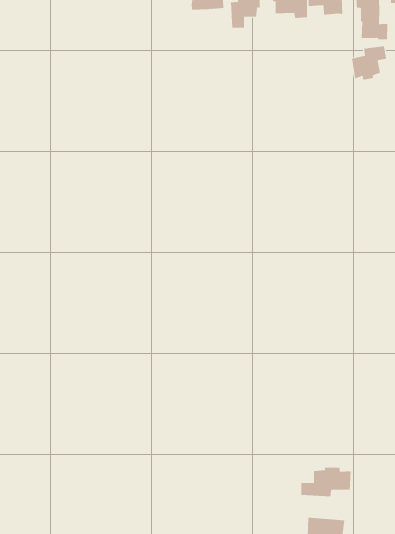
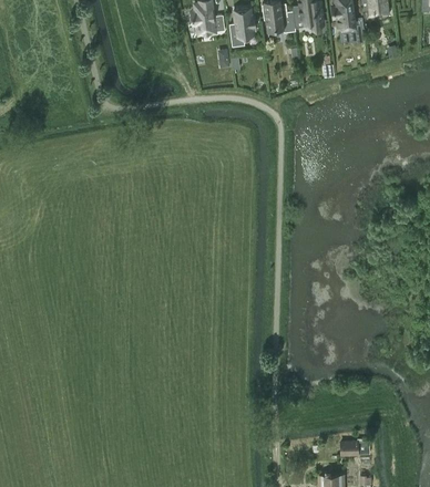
building: [352,45,387,81] -> none
building: [301,467,351,497] -> none

